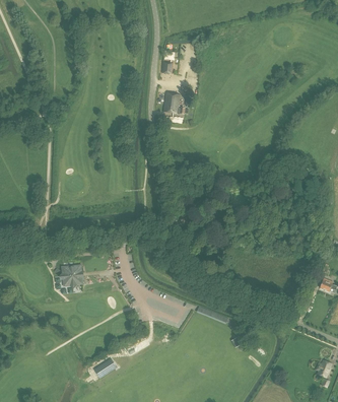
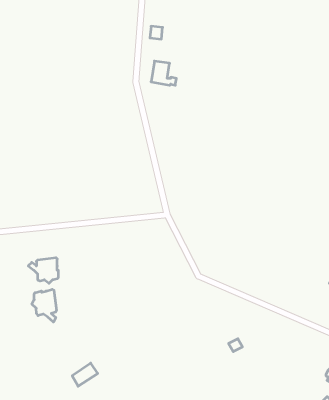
building: none -> [32,289,56,322]

